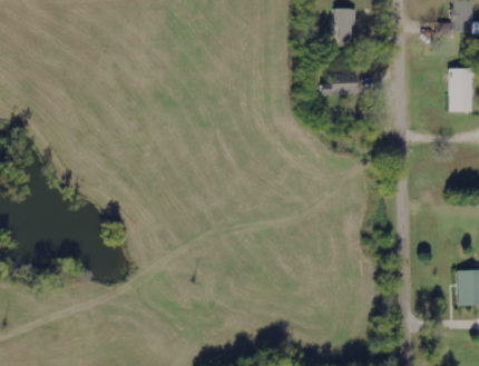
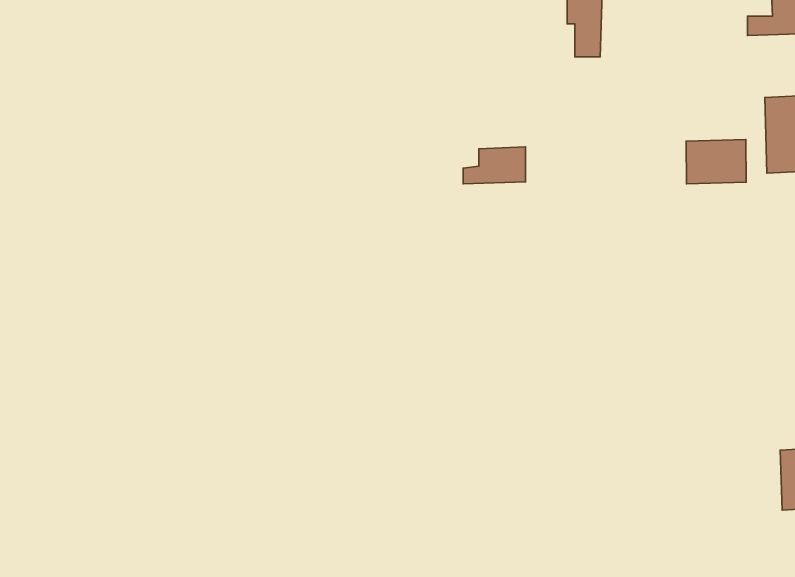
building: [321,72,356,93] -> [463,147,525,184]
building: none -> [686,140,746,184]

